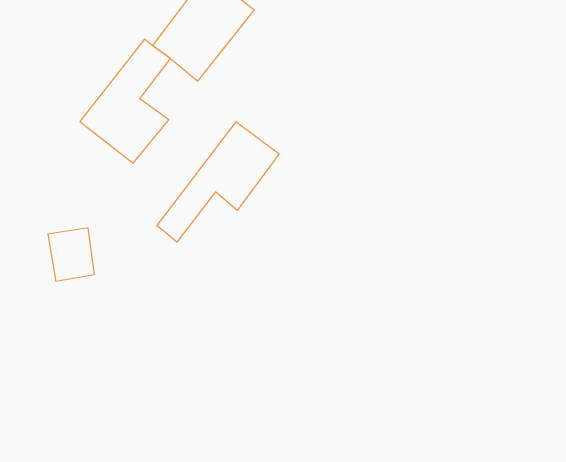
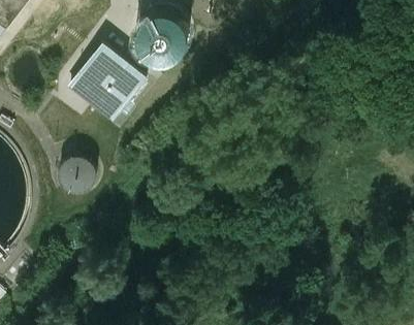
building: none -> [120,47,157,87]
building: [157,122,279,242] -> none

